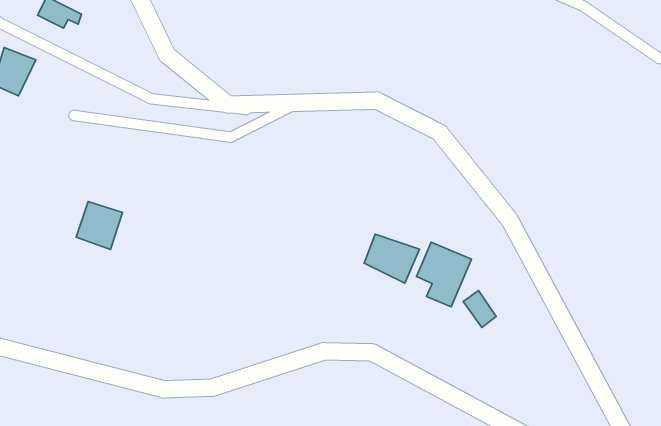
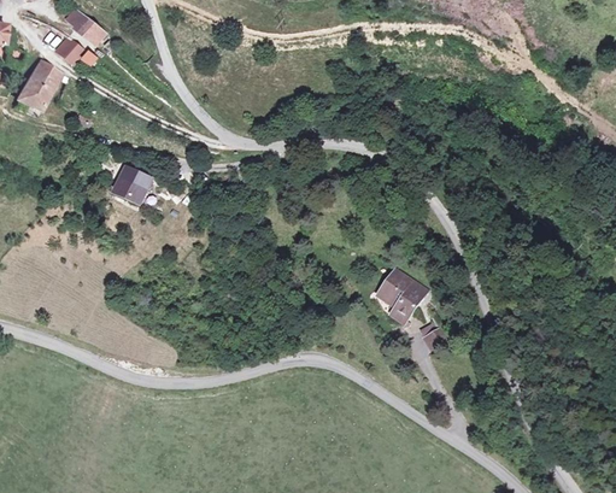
building: [76,202,122,249] -> [111,162,153,205]
building: [364,234,419,283] -> none

